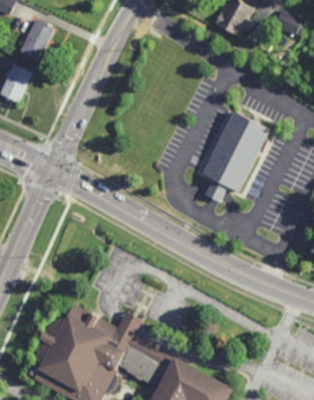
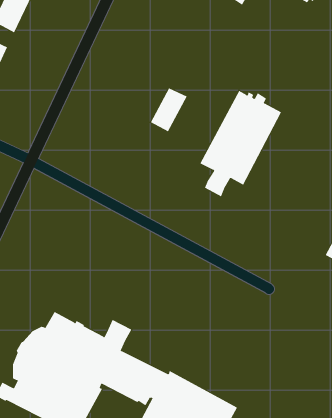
building: none -> [150,87,187,132]

